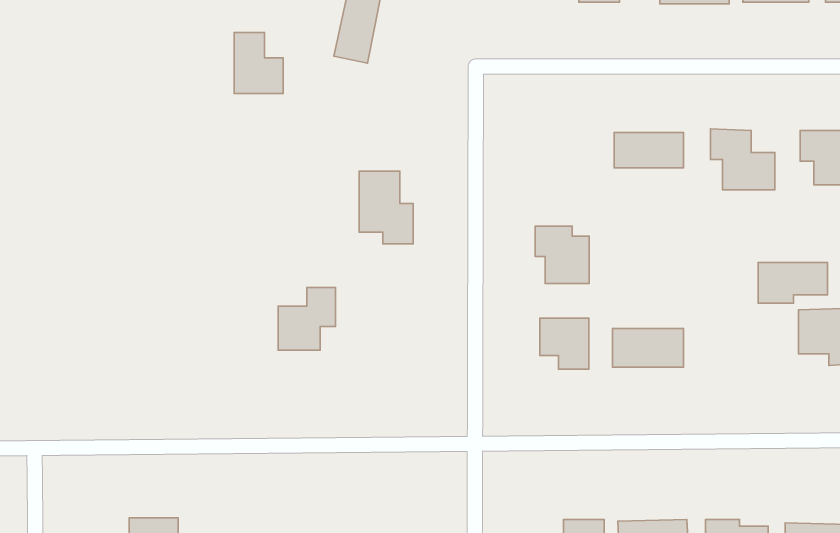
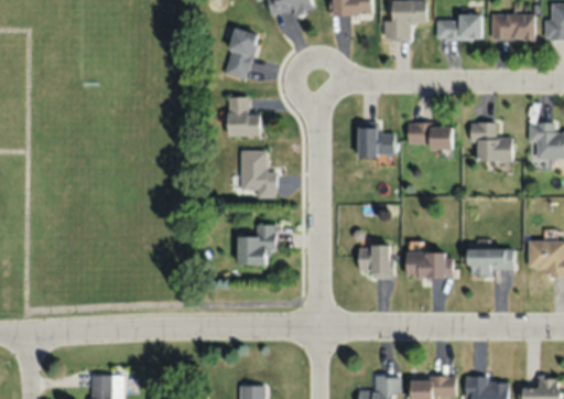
building: [234,33,283,93] -> [228,97,260,137]
building: [535,226,589,284] -> [359,123,394,161]
building: [758,263,827,303] -> [468,249,513,276]
building: [278,288,335,350] -> [238,225,275,266]

